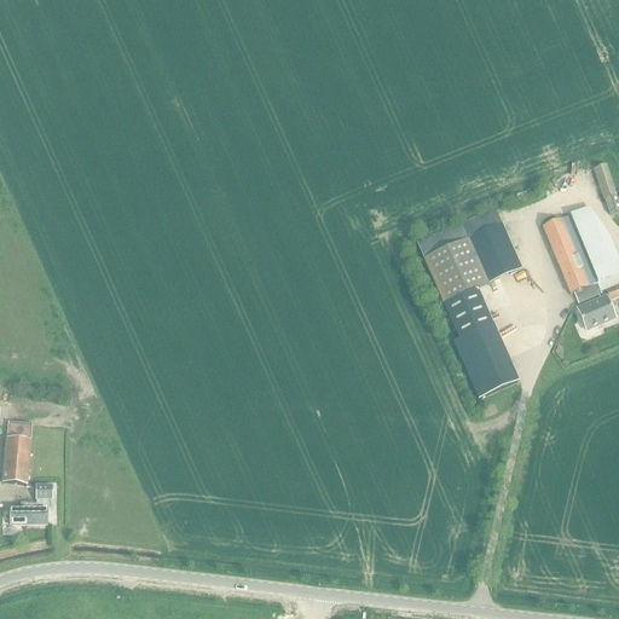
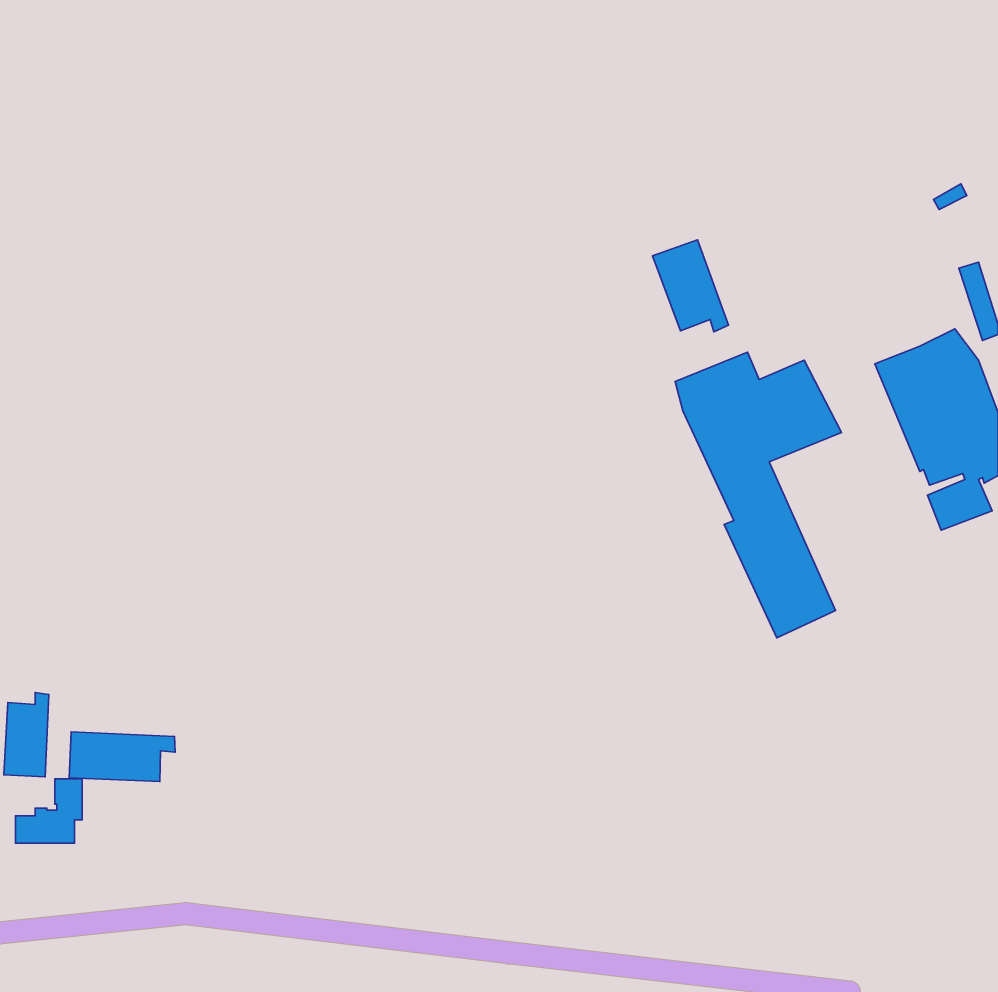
building: none -> [653,240,728,332]
building: none -> [69,732,175,782]

